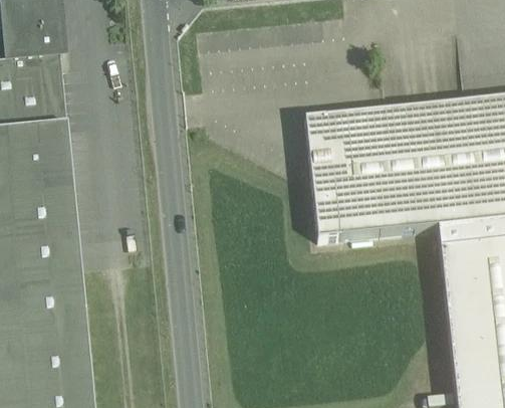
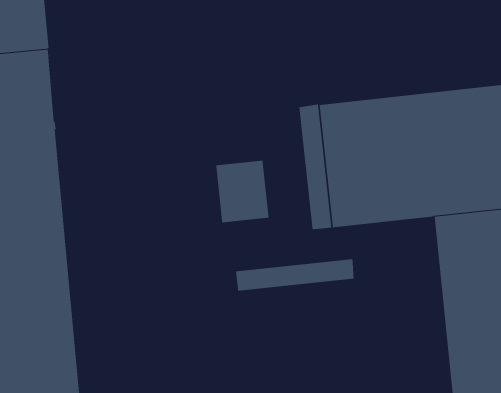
building: none -> [215,160,269,223]
building: none -> [235,258,354,292]

